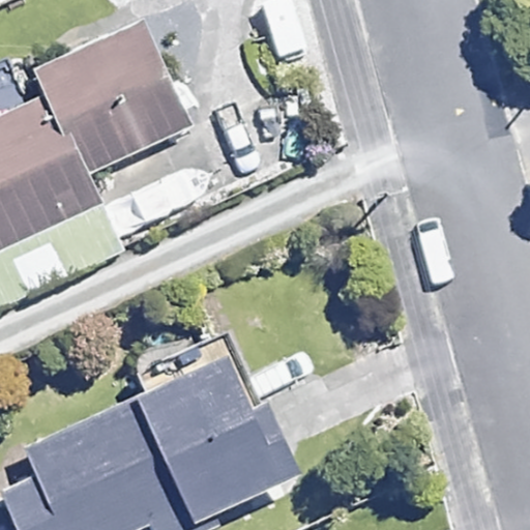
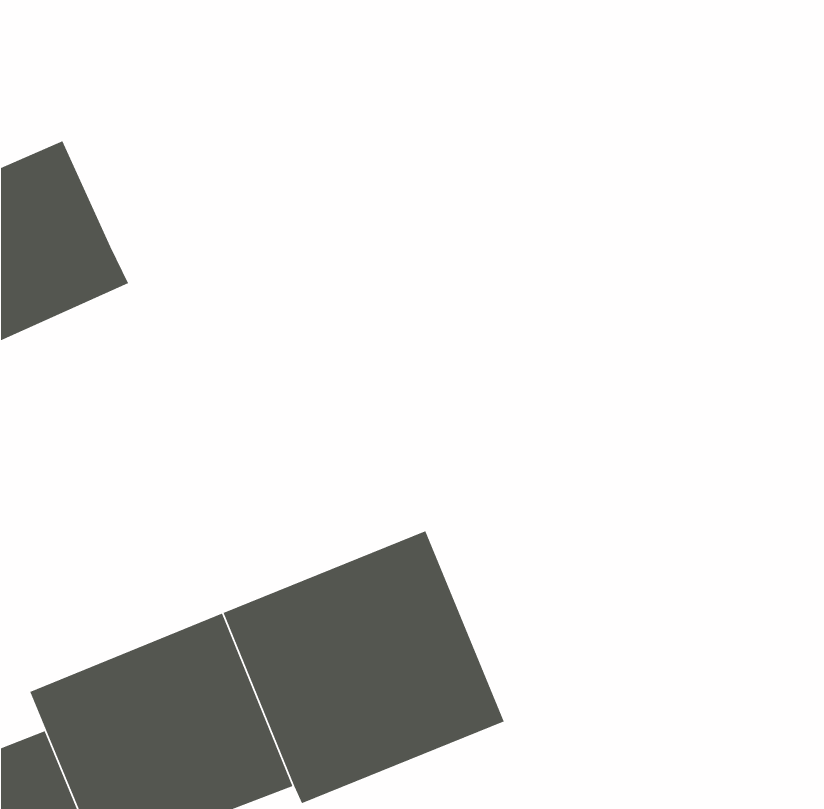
building: [28,22,180,168] -> none

